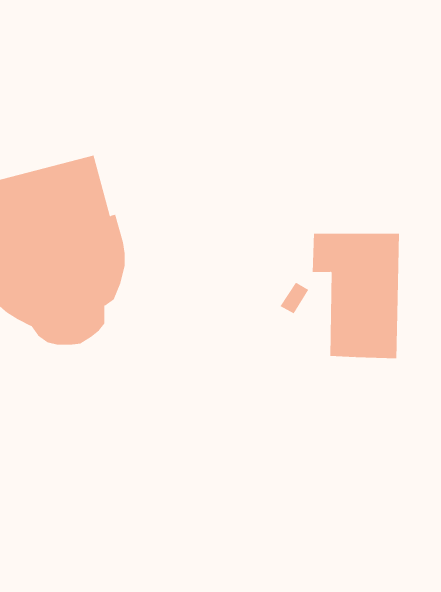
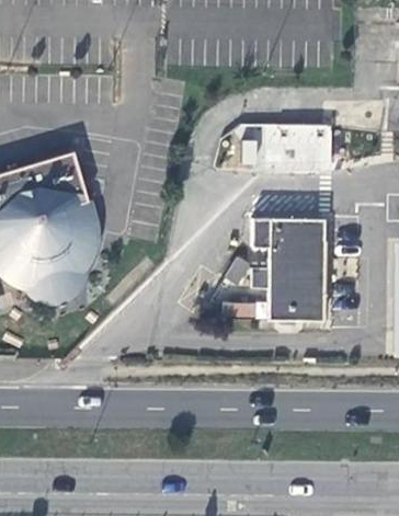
building: none -> [231,123,332,172]

